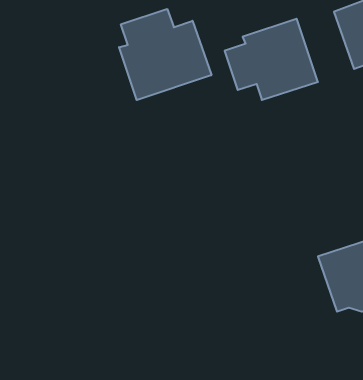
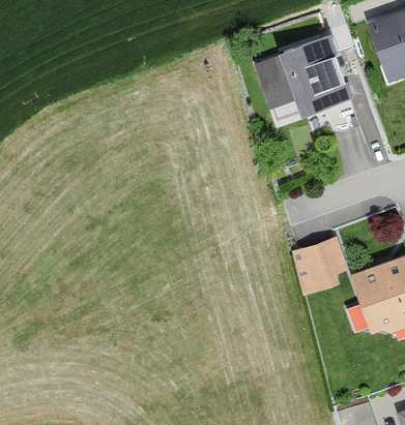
building: [119,9,211,100] -> none
building: none -> [292,238,348,296]

